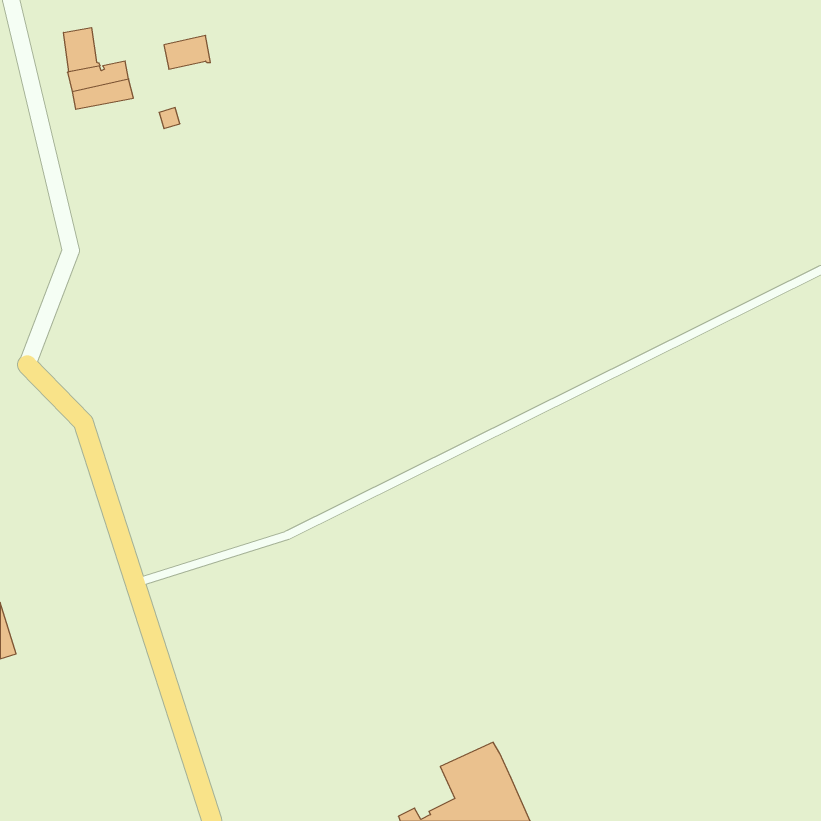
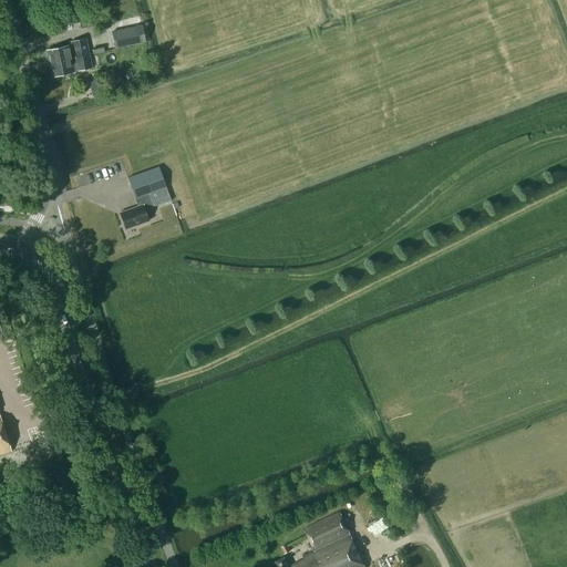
building: [64,28,100,72] -> none
building: none -> [120,167,166,229]

